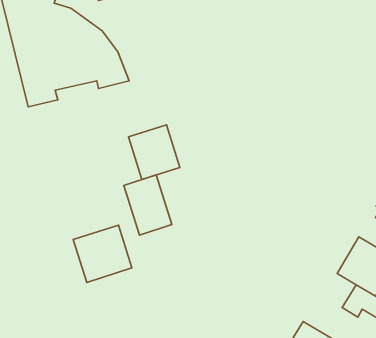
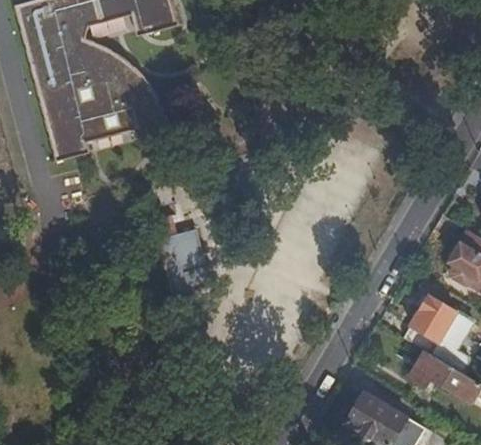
building: [128,125,180,179] -> none
building: [73,225,132,282] -> none

